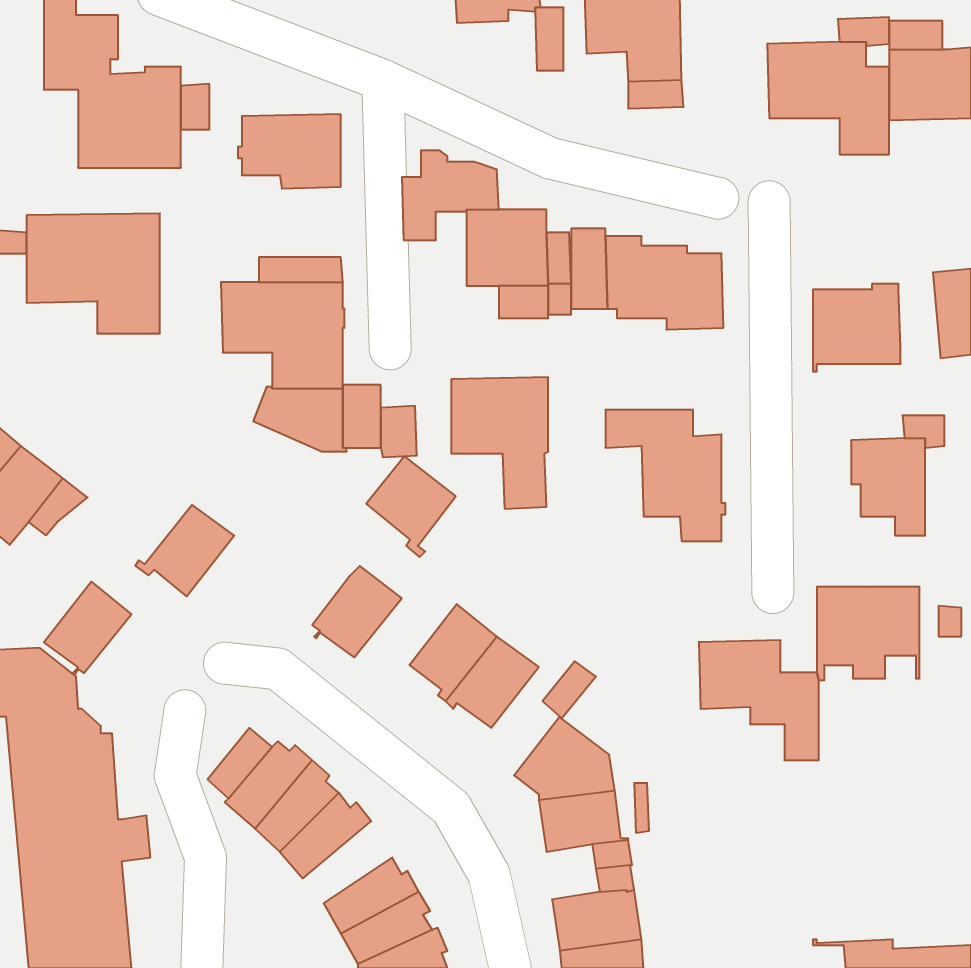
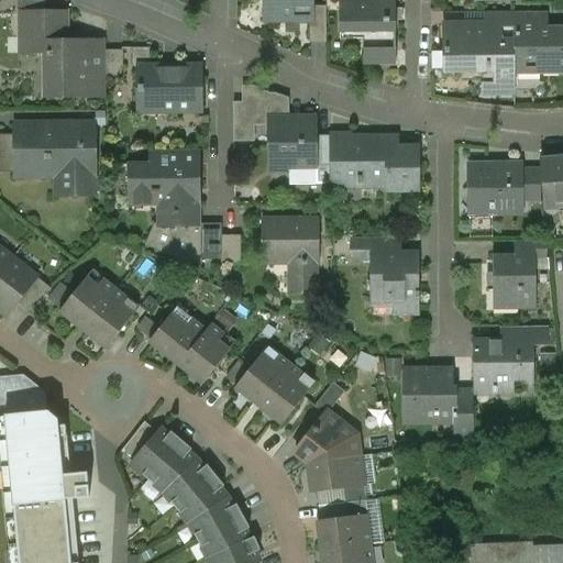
building: none -> [519,167,539,200]
building: [366,456,456,557] -> [151,309,202,367]
building: none -> [499,325,547,344]
building: [44,582,131,675] -> [60,273,111,327]
building: none -> [175,474,227,521]

